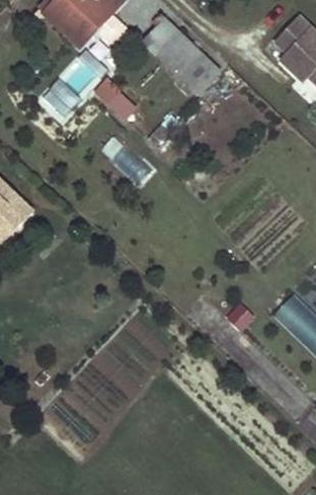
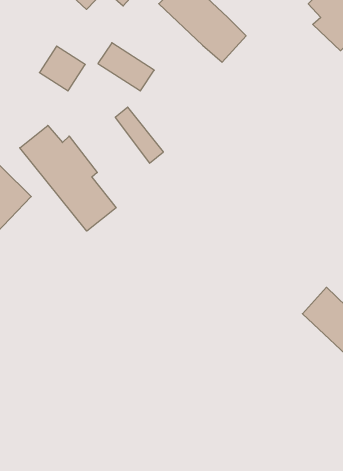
building: none -> [20,125,116,231]

